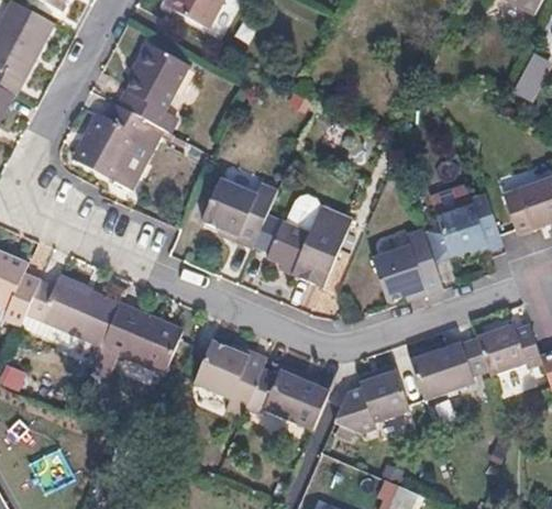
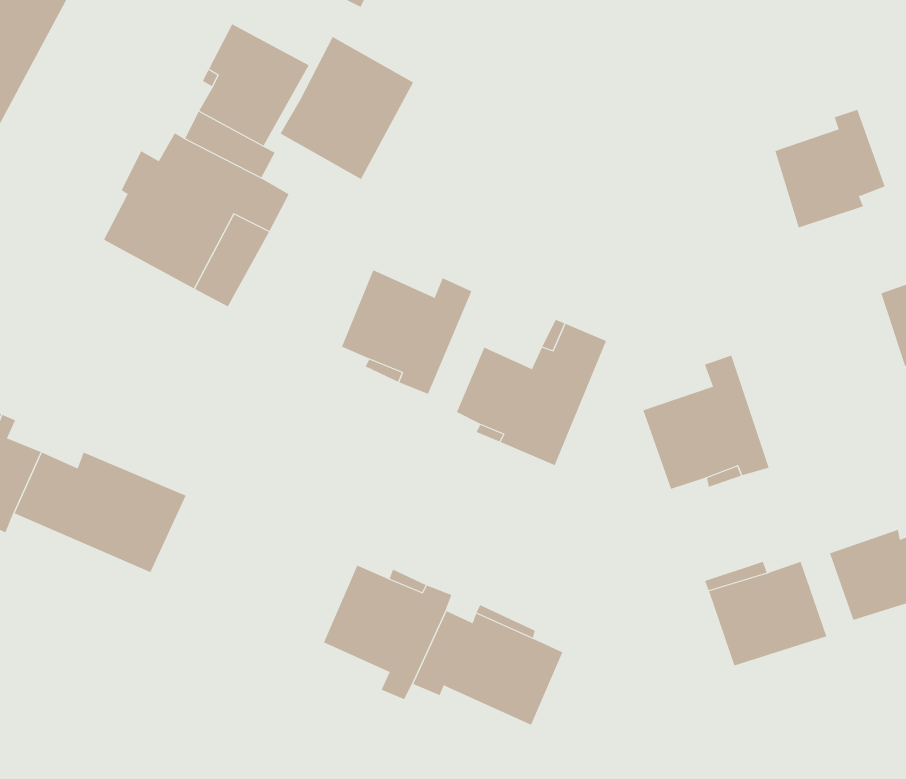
building: none -> [280,36,414,180]
building: [438,190,499,256] -> [774,109,886,228]
building: [99,303,196,379] -> none
building: [333,366,409,431] -> none

